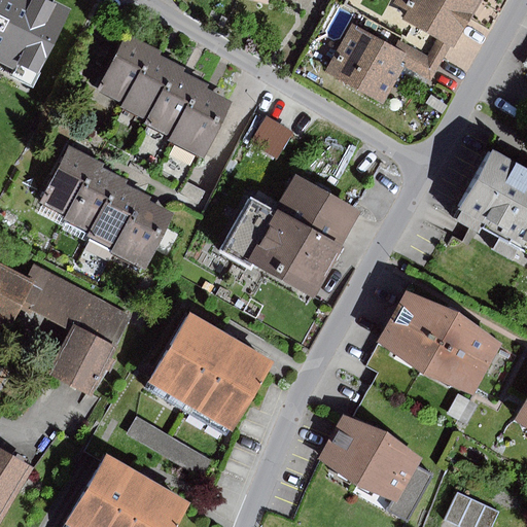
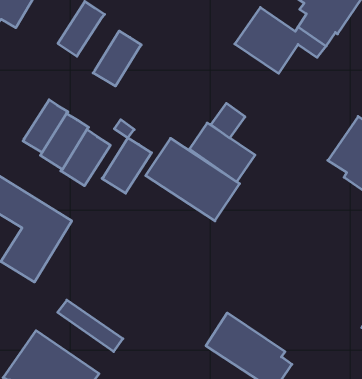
building: [120,50,175,118] -> none
building: [172,84,233,155] -> [102,138,152,193]
building: [249,115,292,160] -> [211,103,245,138]
building: [36,144,93,214] -> none
building: [379,291,500,395] -> none
building: [144,314,266,429] -> none

